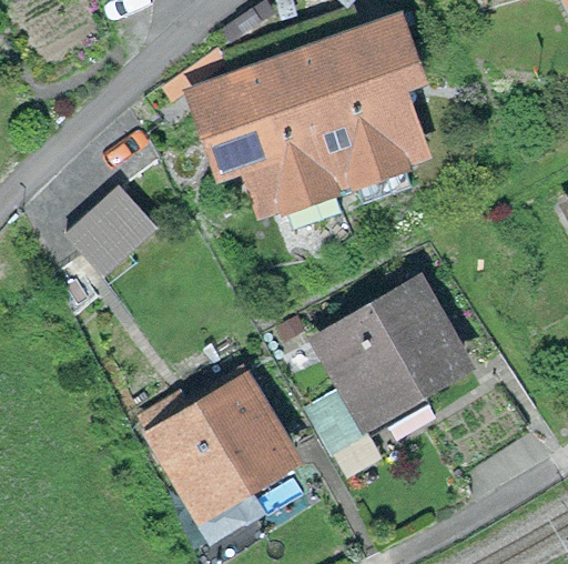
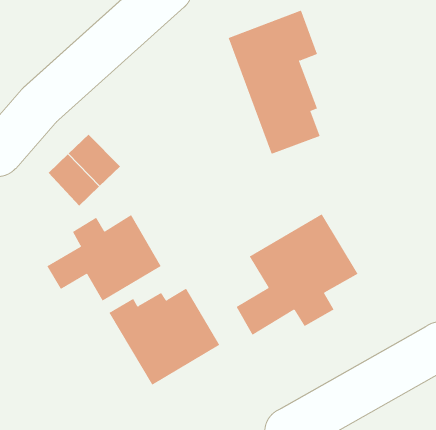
building: [204,56,353,228] -> none
building: none -> [46,214,162,302]

